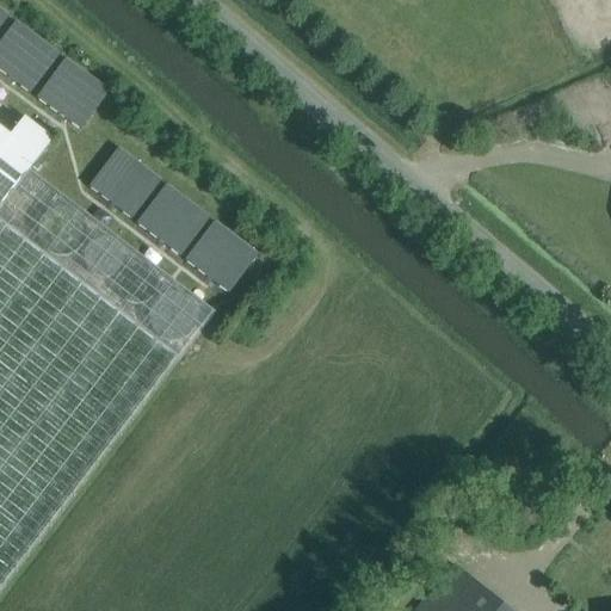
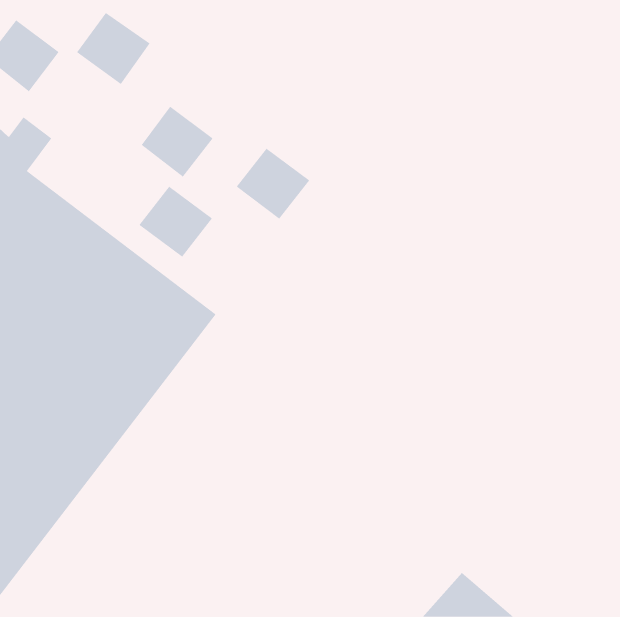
building: [36,56,109,128] -> [76,12,150,85]
building: [88,146,160,216] -> [141,106,214,178]
building: [184,220,257,290] -> [236,148,310,219]

